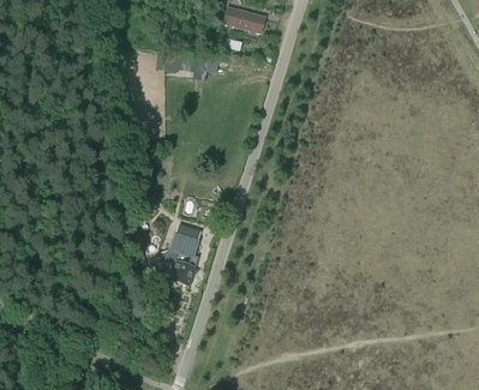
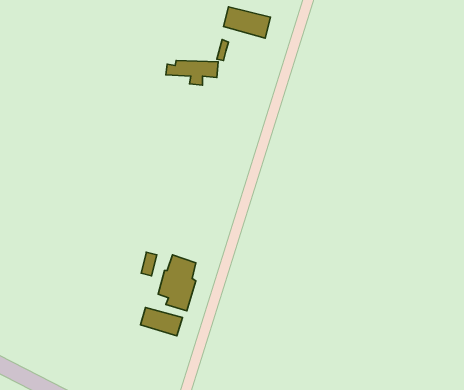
building: none -> [141,307,182,336]

